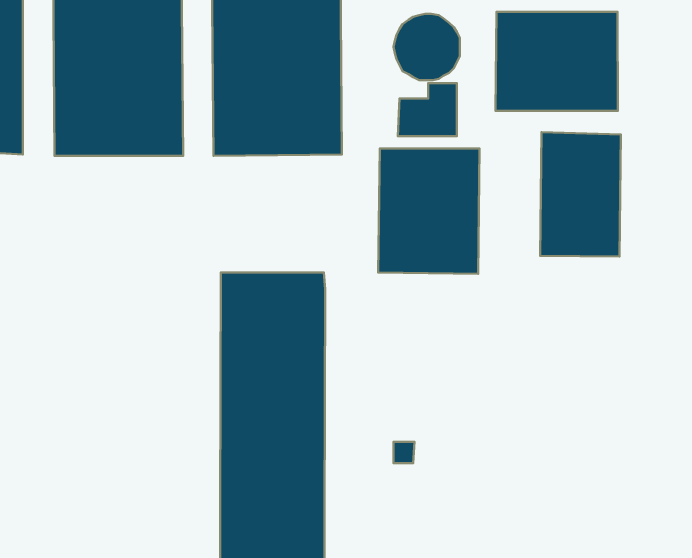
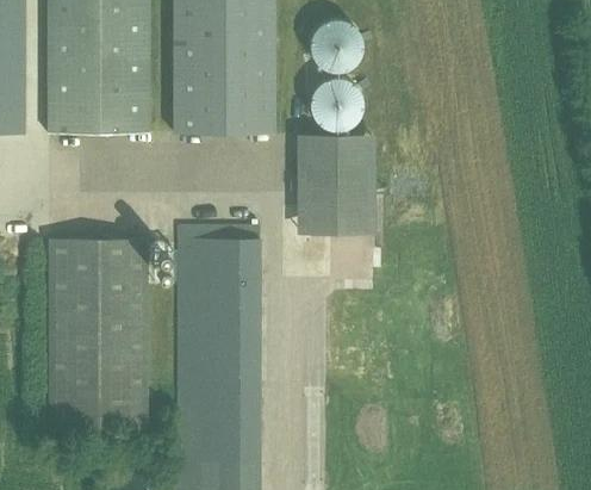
building: [495,12,618,111] -> none
building: [540,132,621,256] -> none
building: none -> [50,240,145,429]

